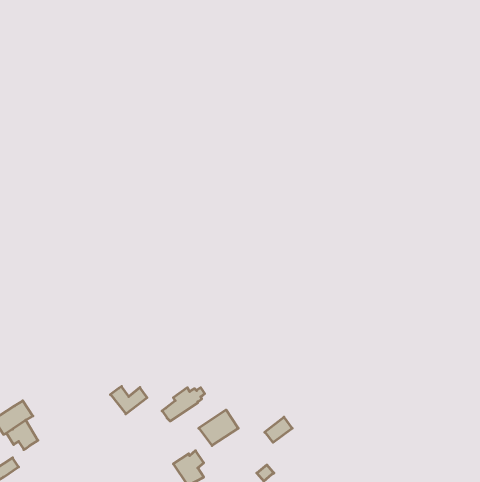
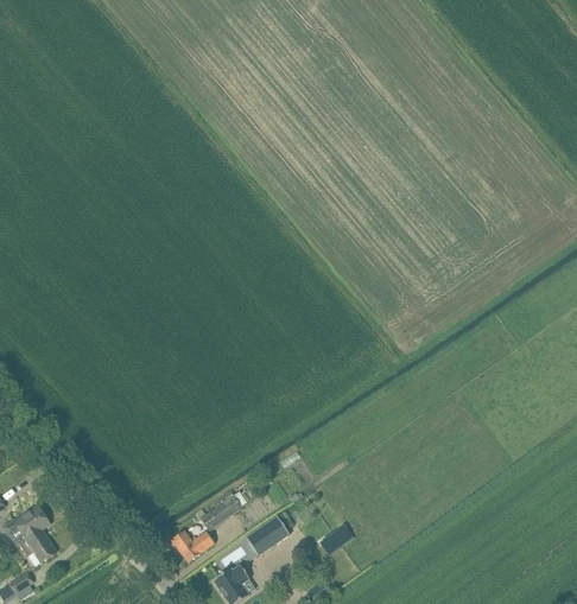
building: [110,386,147,414] -> [171,529,214,561]

